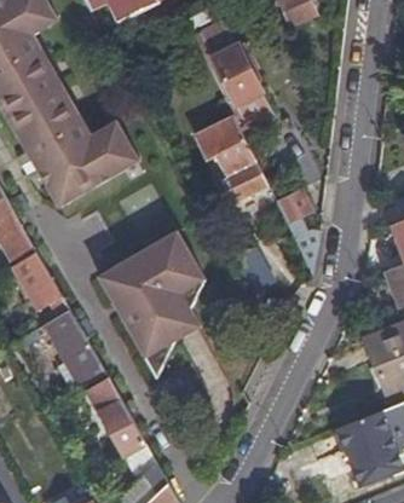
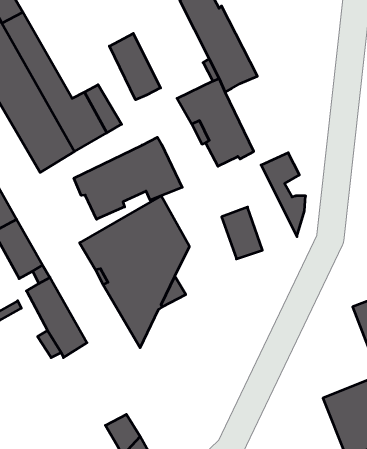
building: none -> [109,33,161,100]
building: none -> [74,137,182,219]
building: [87,380,144,455] -> none

